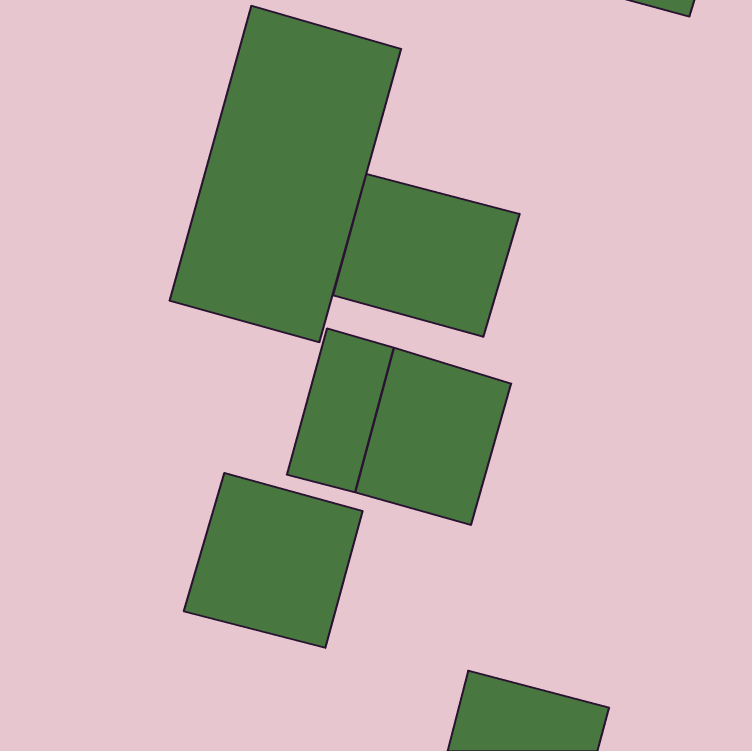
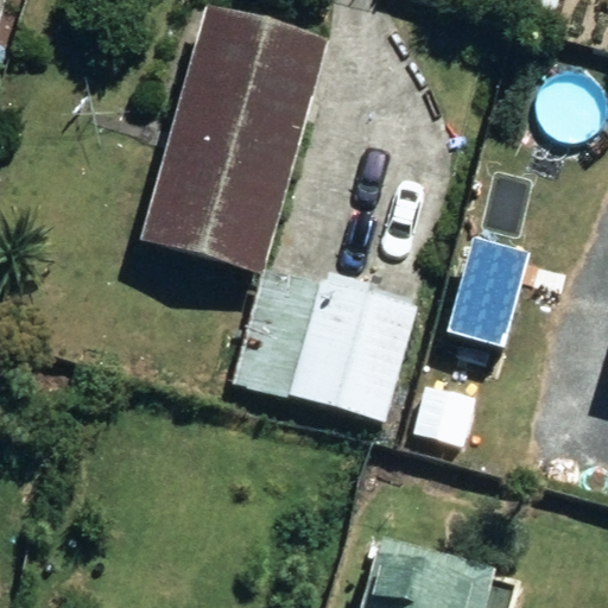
building: [333,174,520,337] -> none
building: [184,473,363,648] -> none

